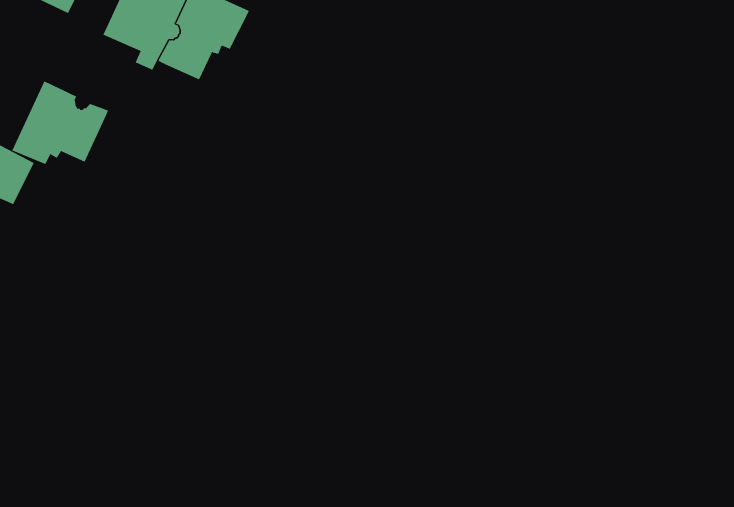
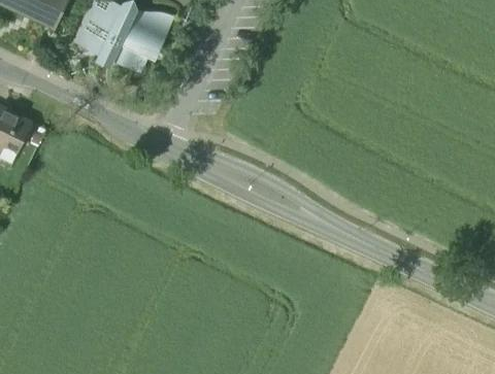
building: [12,81,109,165] -> none

